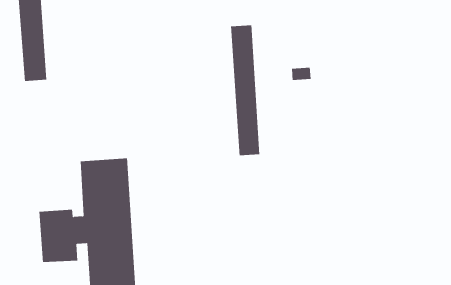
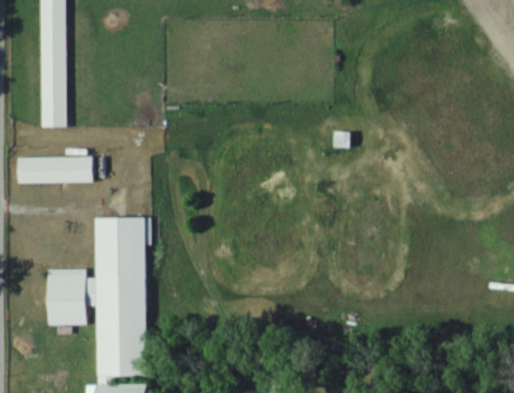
building: [230,25,260,156] -> none
building: none -> [17,158,94,183]

